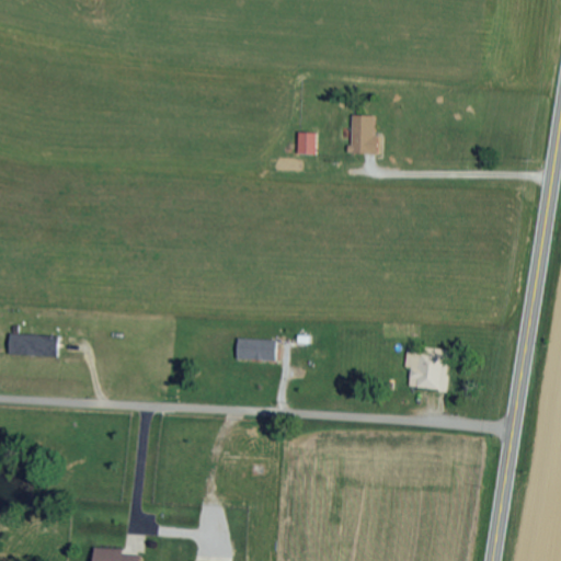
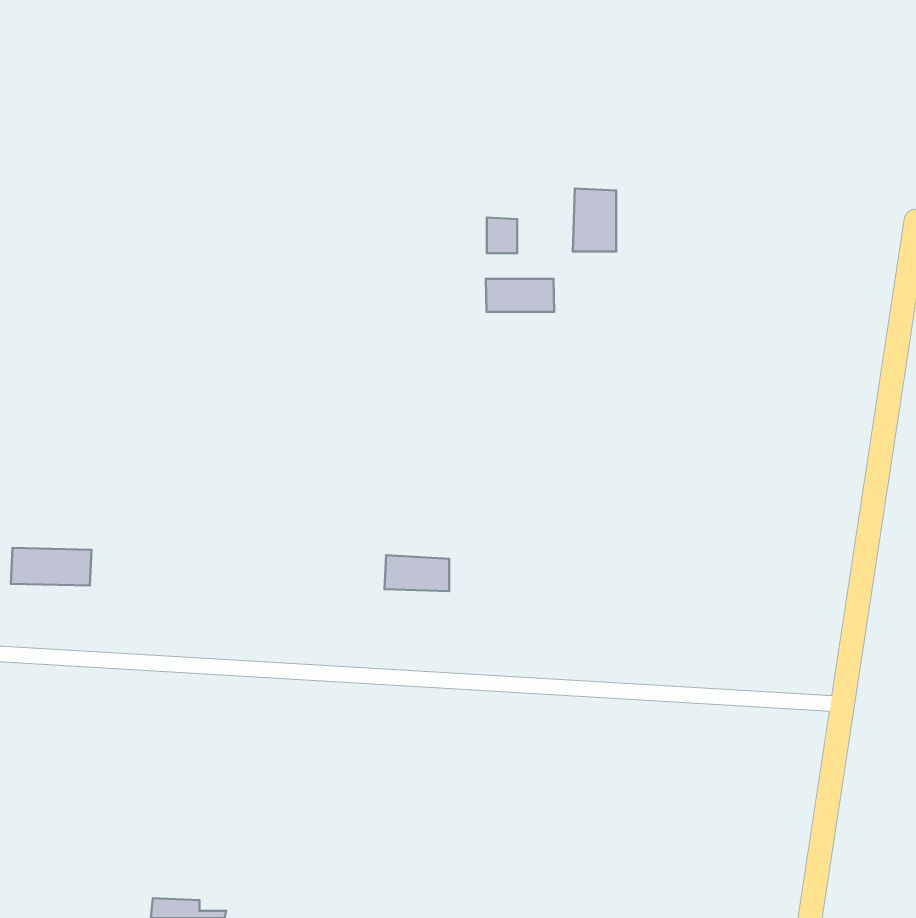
building: none -> [486,279,554,312]
building: [404,347,448,391] -> none

